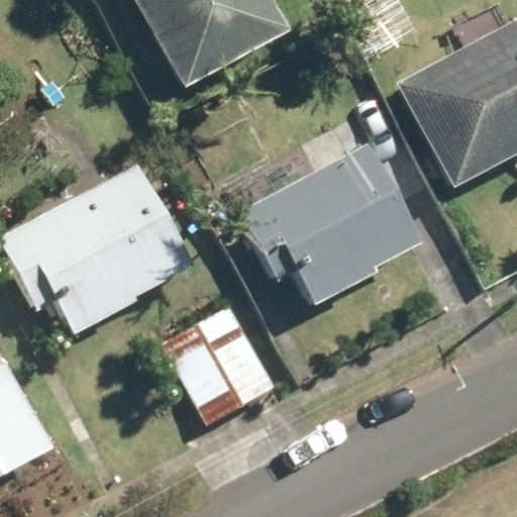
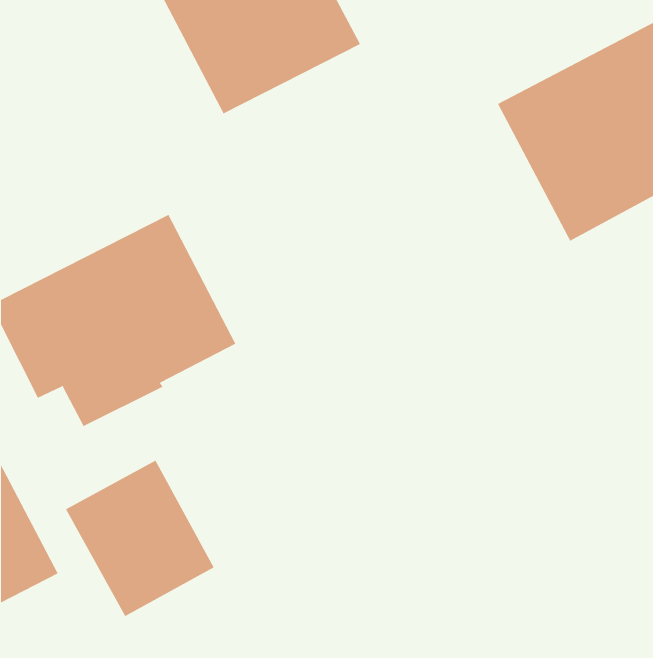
building: [236,140,422,306] -> none
building: [163,303,279,425] -> [65,460,214,617]

